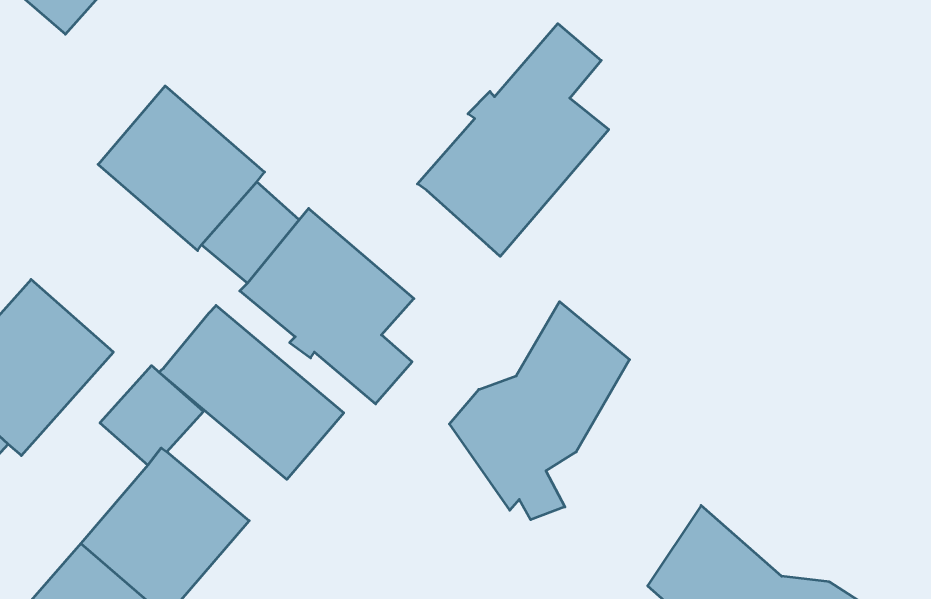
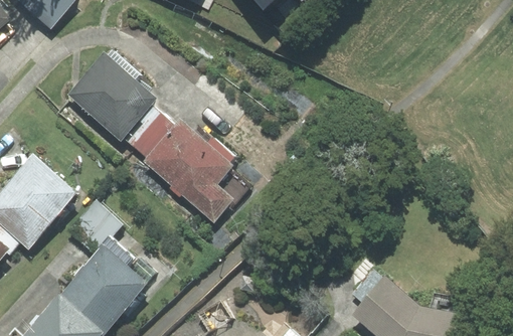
building: [417,24,609,256] -> none
building: [449,302,630,520] -> none
building: [159,305,344,479] -> none

